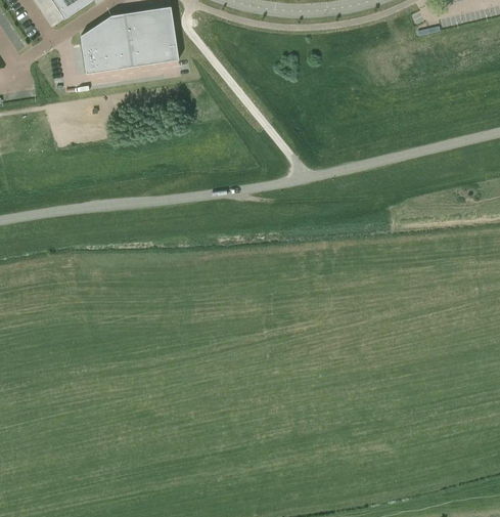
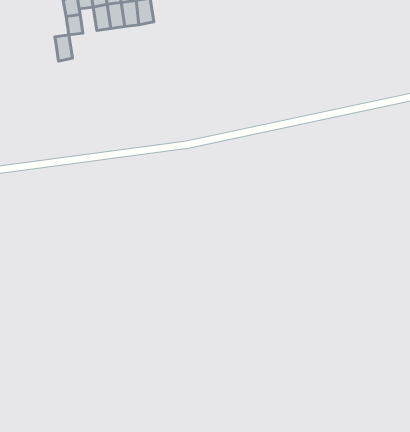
building: [97,43,117,72] -> [55,35,73,61]

